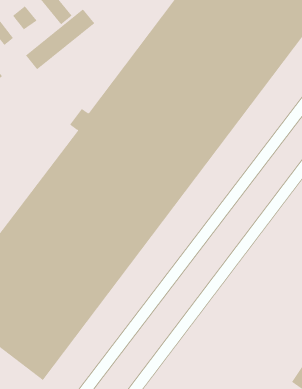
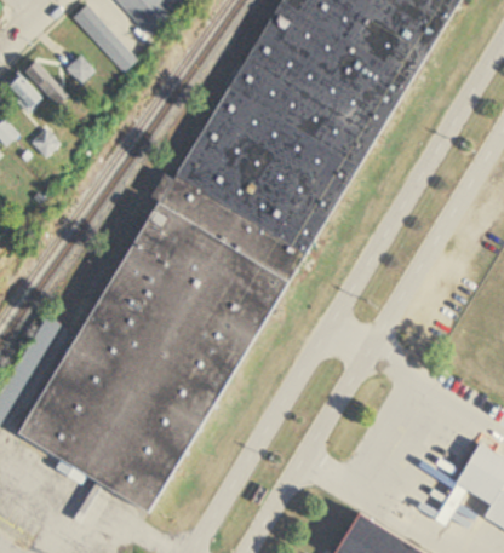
building: [25,8,95,70] -> none

